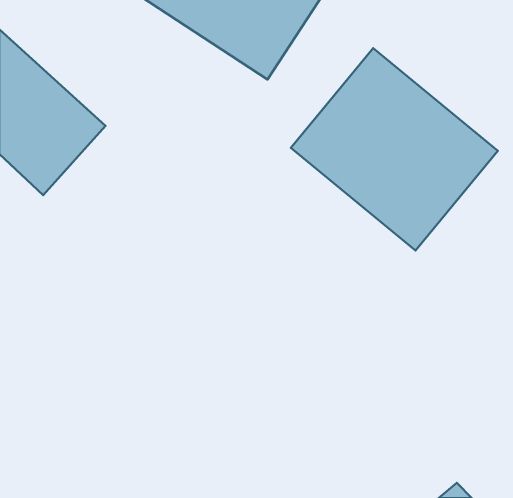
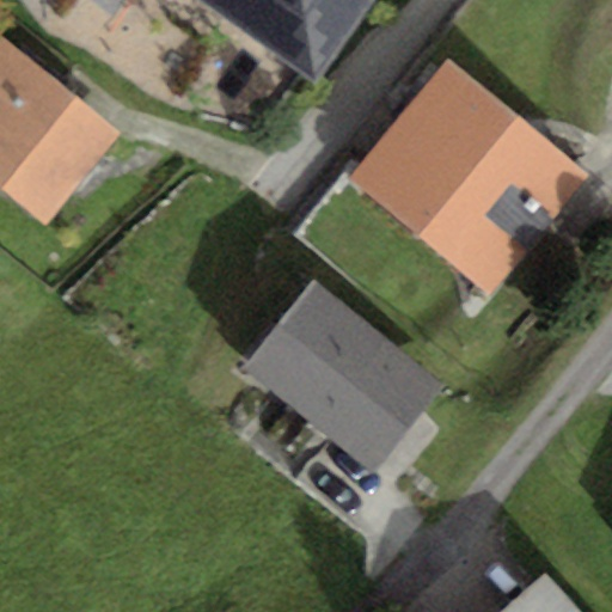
building: none -> [241,281,443,464]

